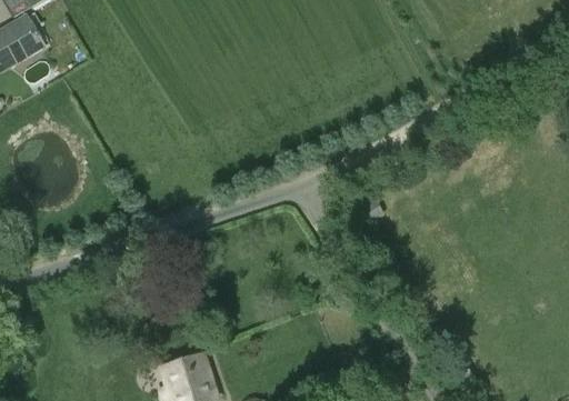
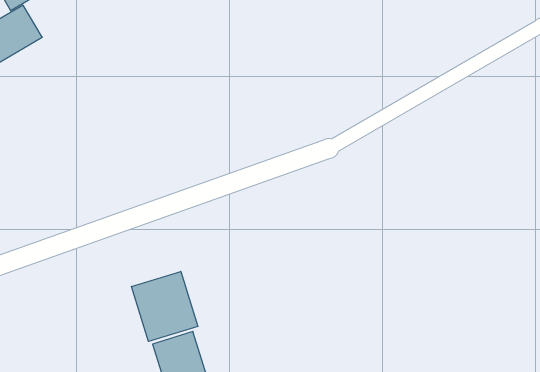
building: none -> [131,271,198,341]

